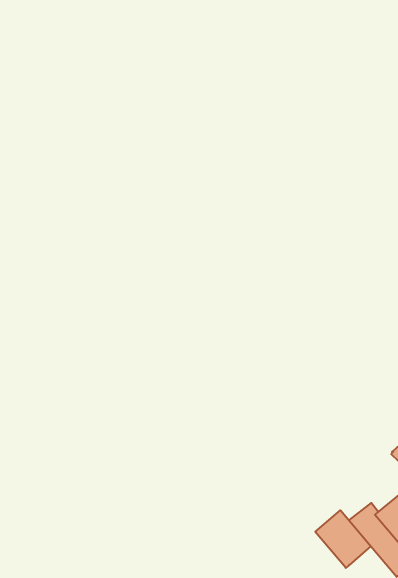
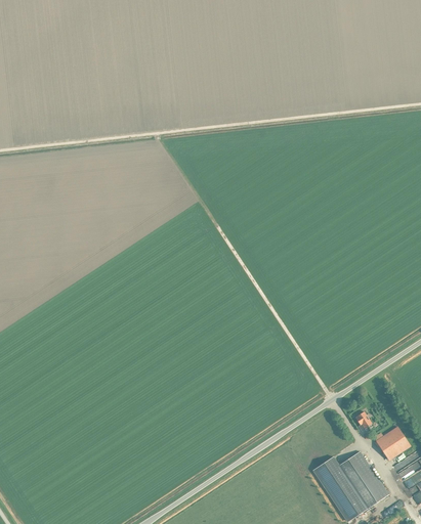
building: [315,510,371,568] -> none

